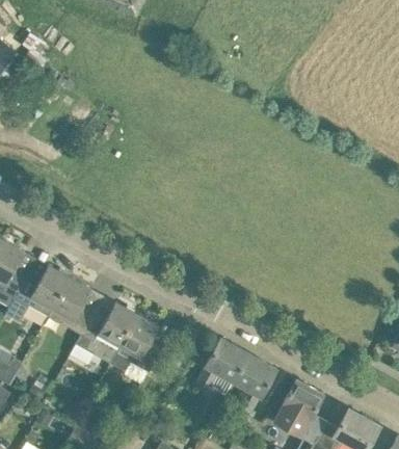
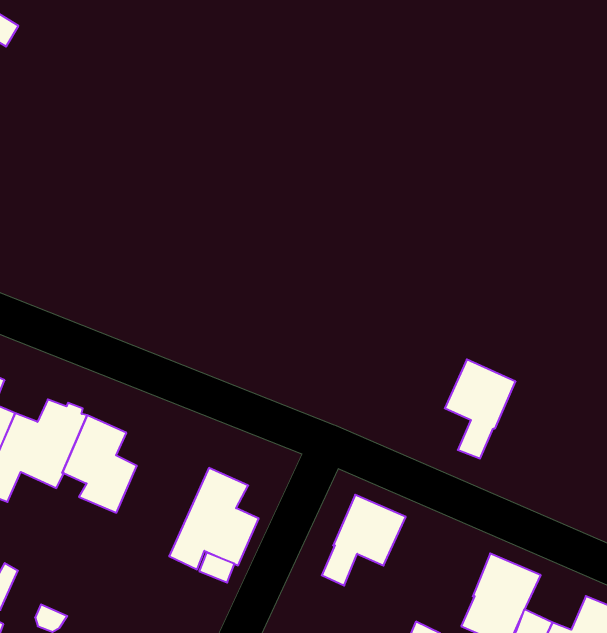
building: [80,301,136,363] -> none
building: [232,353,274,412] -> [445,359,516,459]

